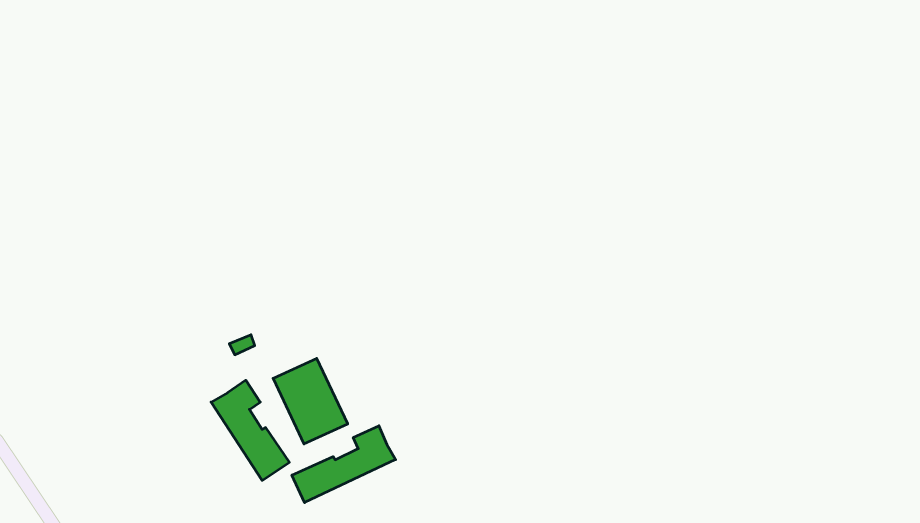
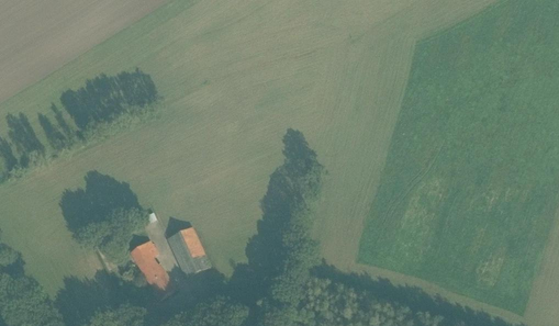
building: [292,426,396,503] -> none

